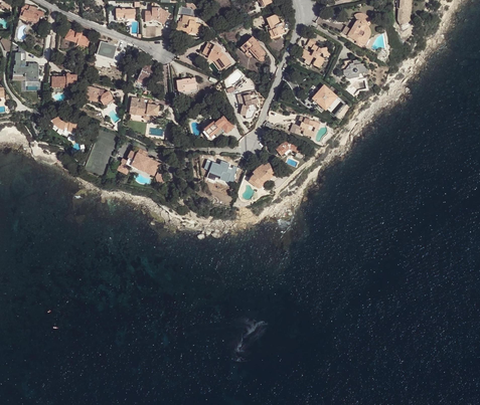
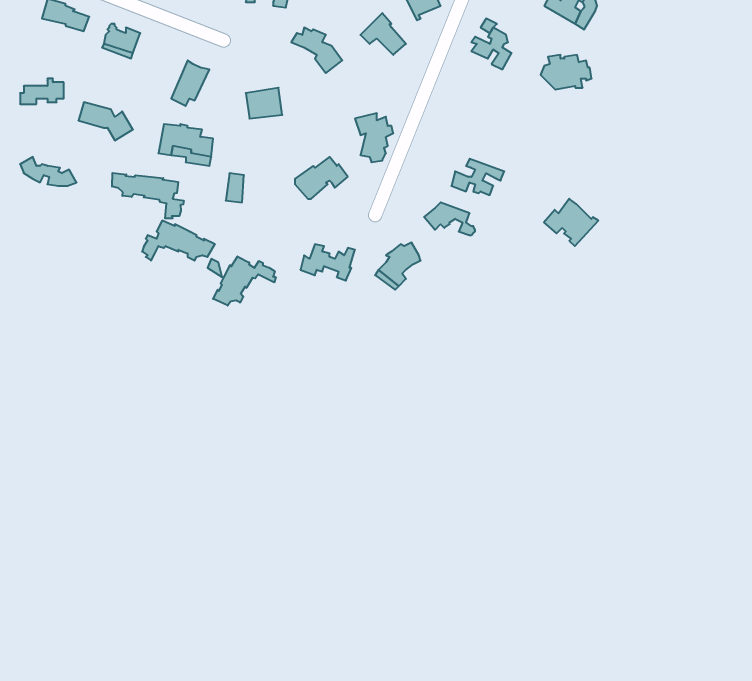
building: [311,87,341,114] -> [544,199,598,246]
building: none -> [112,173,184,218]
building: none -> [213,256,276,306]

